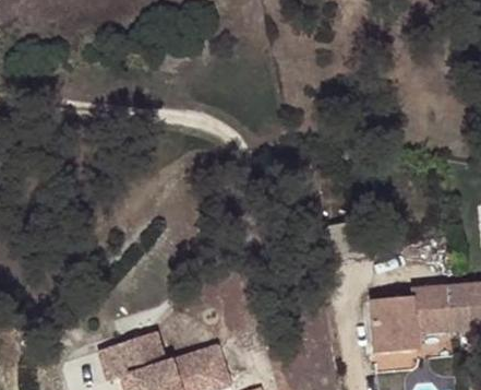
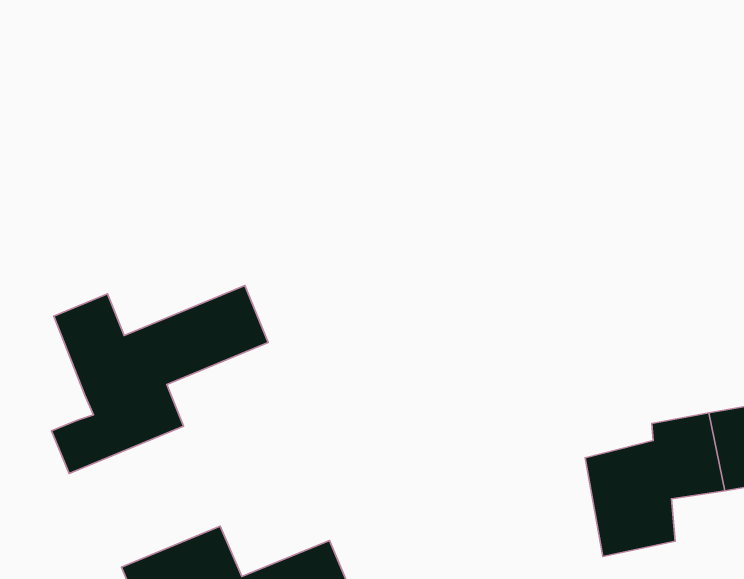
building: none -> [52,286,268,474]

